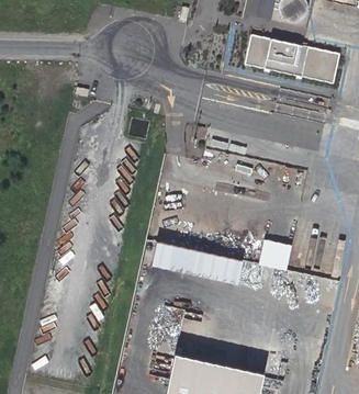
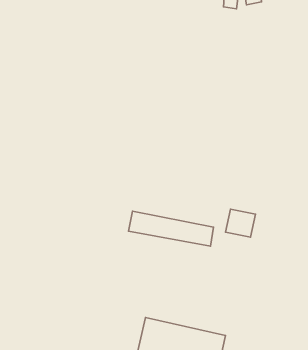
building: [247,35,343,82] -> none

